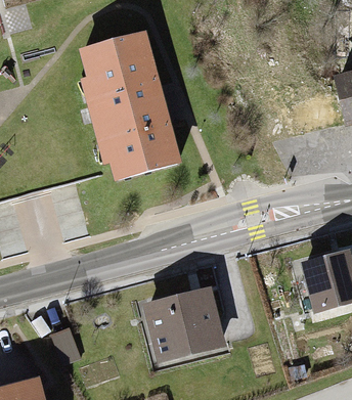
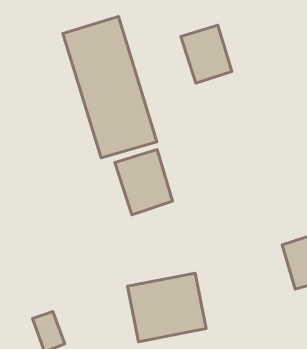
building: none -> [181,25,232,83]
building: none -> [115,149,173,215]

